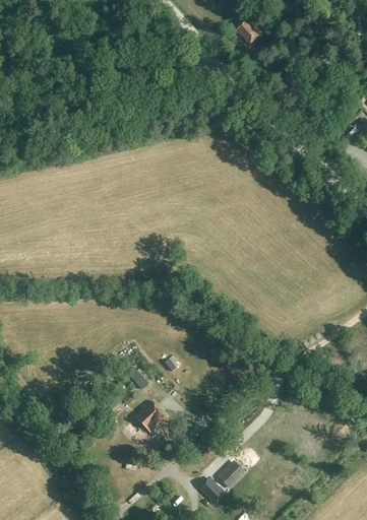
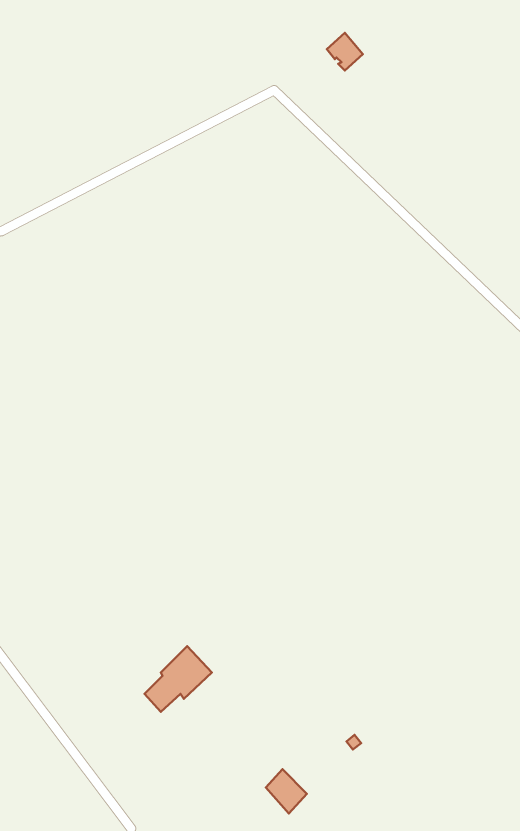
building: [219,460,246,489] -> none

